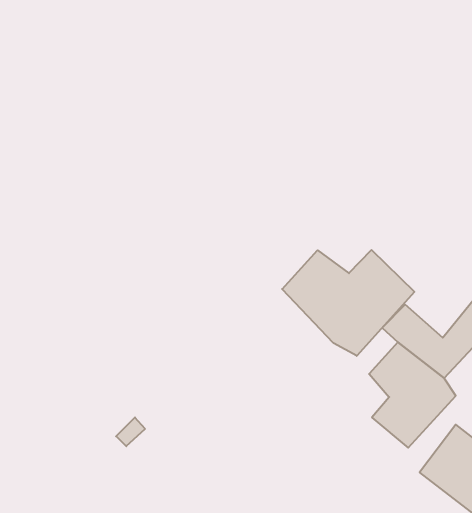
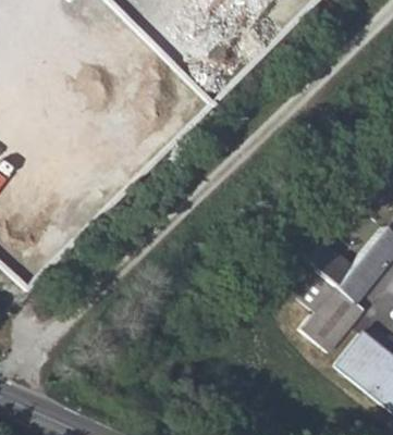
building: [282,250,414,356] -> none

